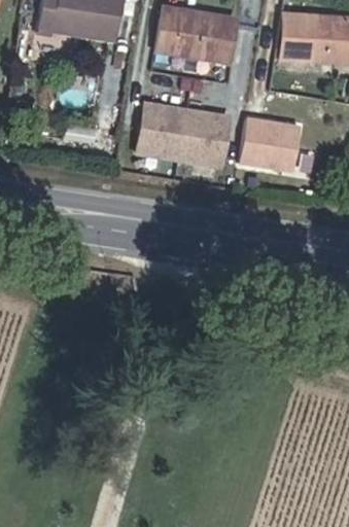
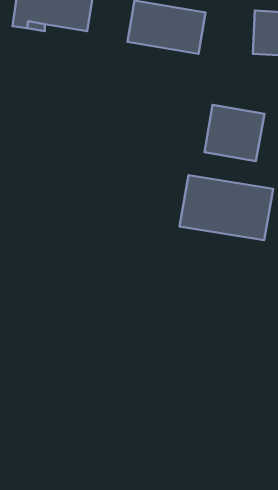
building: [134,100,232,168] -> [180,175,273,240]

